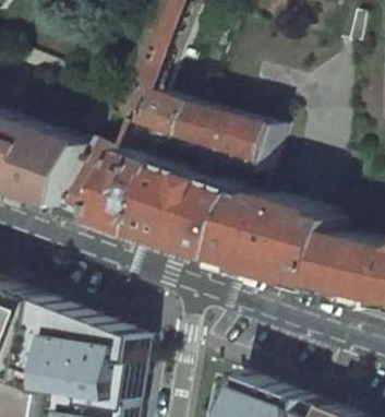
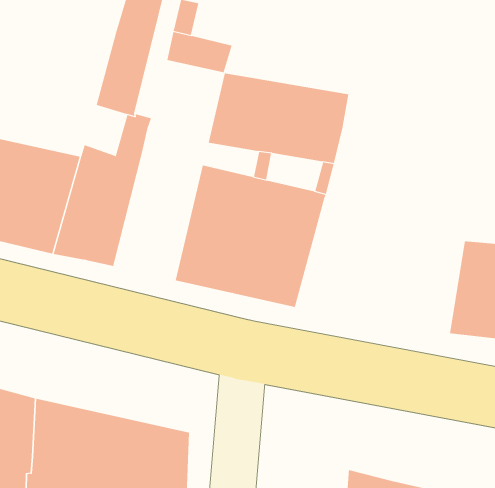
building: [140,94,194,152] -> none
building: [106,153,172,240] -> none
building: [222,198,342,297] -> none

